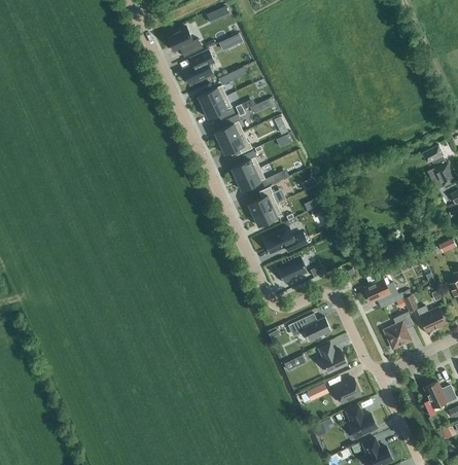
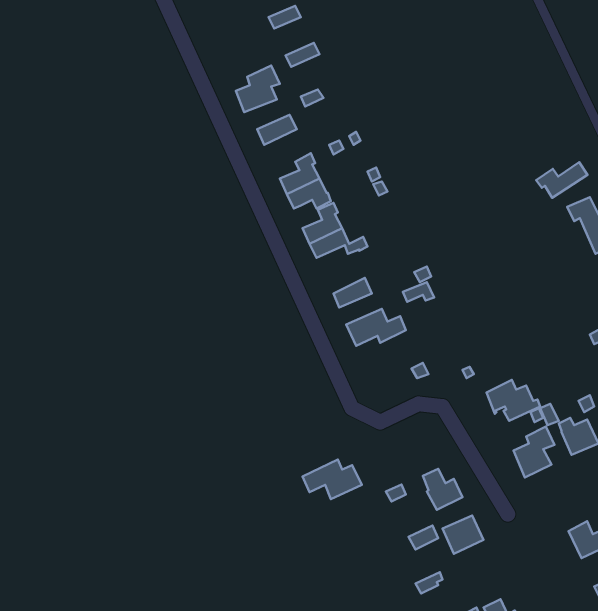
building: [167,27,202,57] -> none
building: [203,96,234,119] -> none
building: none -> [536,162,588,198]
building: [248,186,276,215] -> none
building: [277,257,308,283] -> none
building: [288,313,331,342] -> [302,459,362,499]
building: [346,405,377,437] -> none

